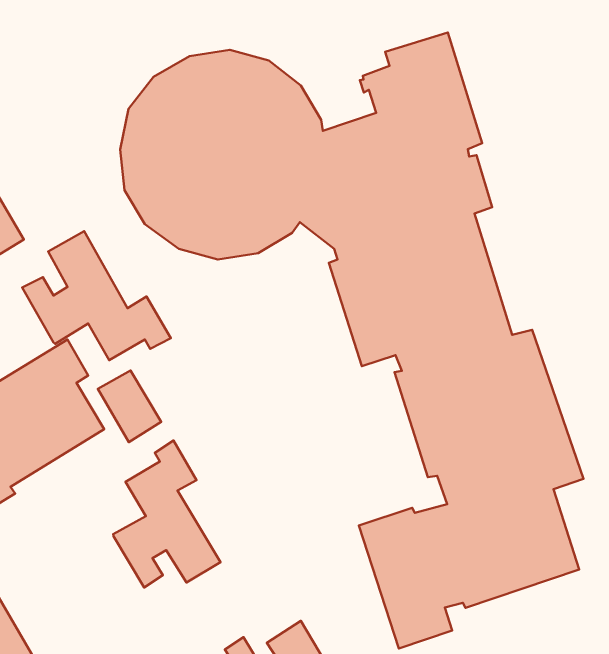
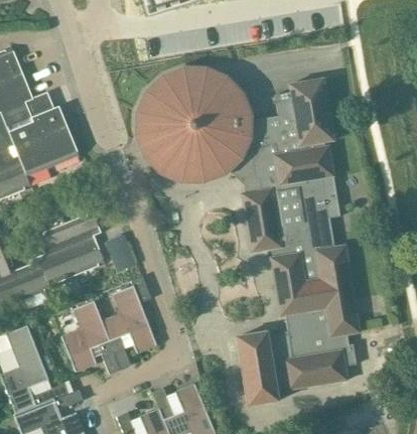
building: [22,231,171,360] -> none
building: none -> [61,301,121,375]

